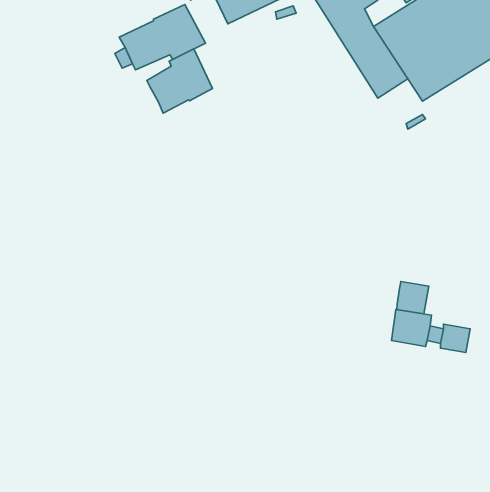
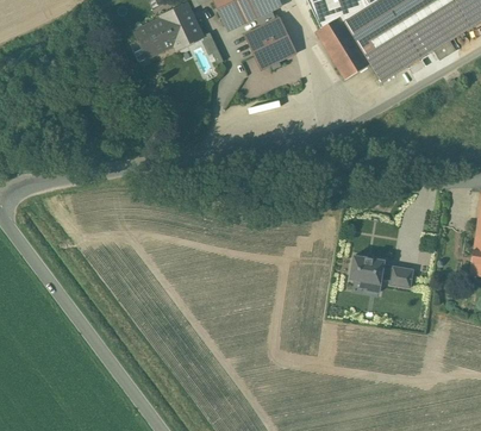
building: none -> [245,19,296,70]
building: [147,49,212,113] -> none
building: [397,281,429,314] -> none

